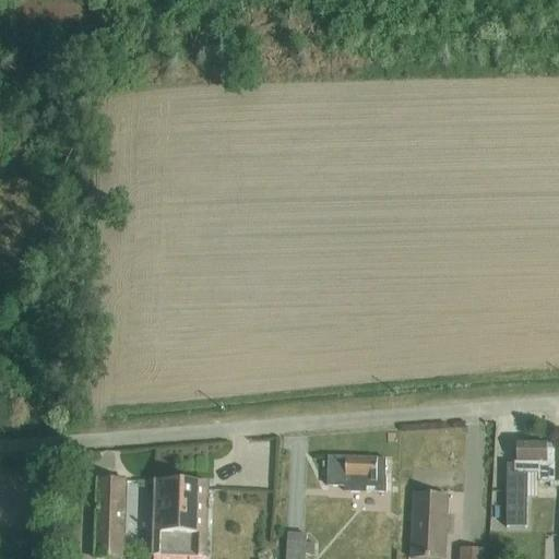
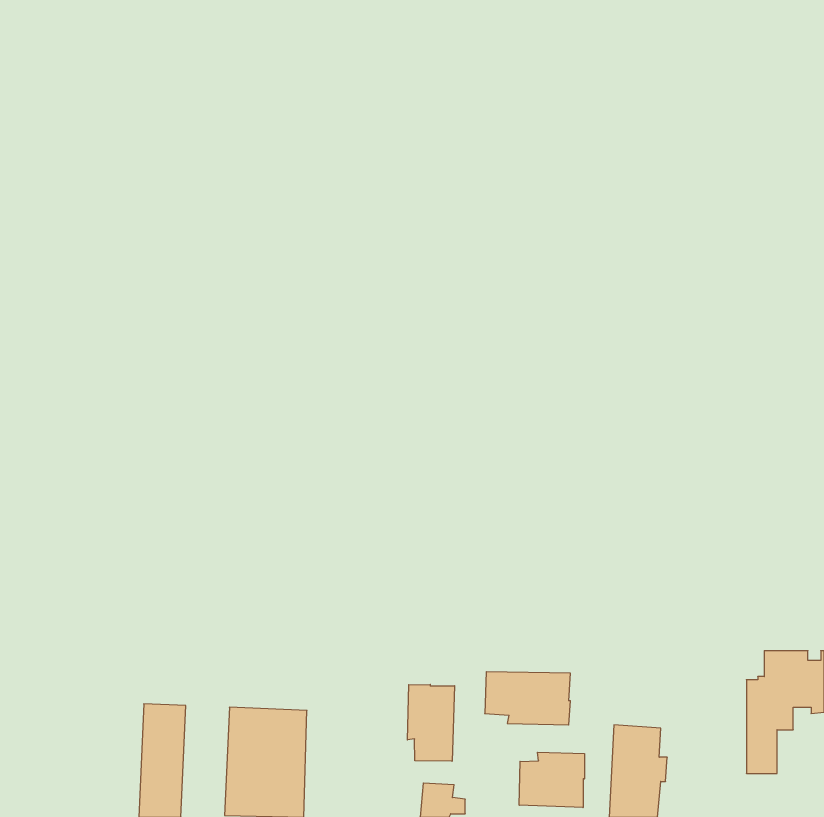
building: none -> [407,684,455,761]
building: none -> [519,752,584,808]

